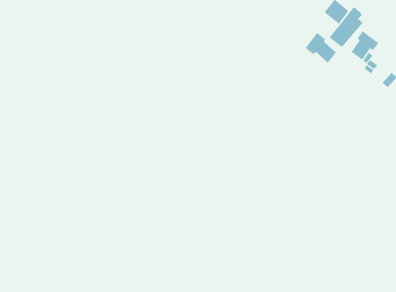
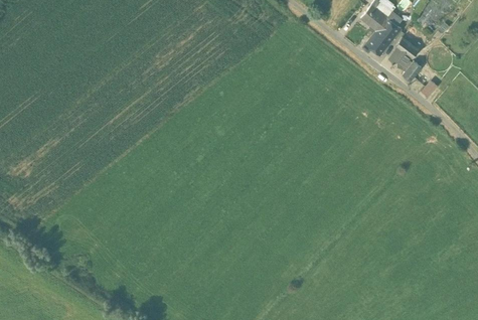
building: [305,32,337,63] -> none

